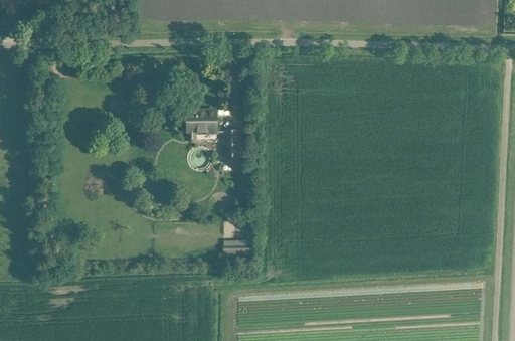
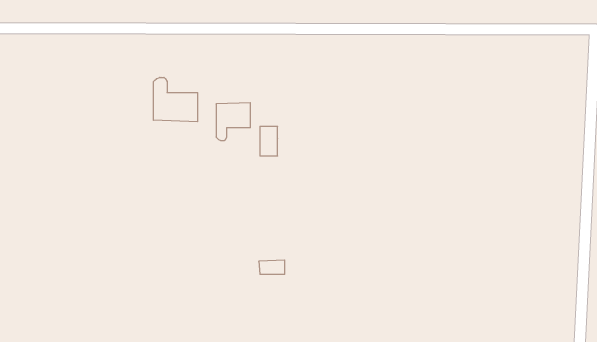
building: none -> [153,77,198,122]

